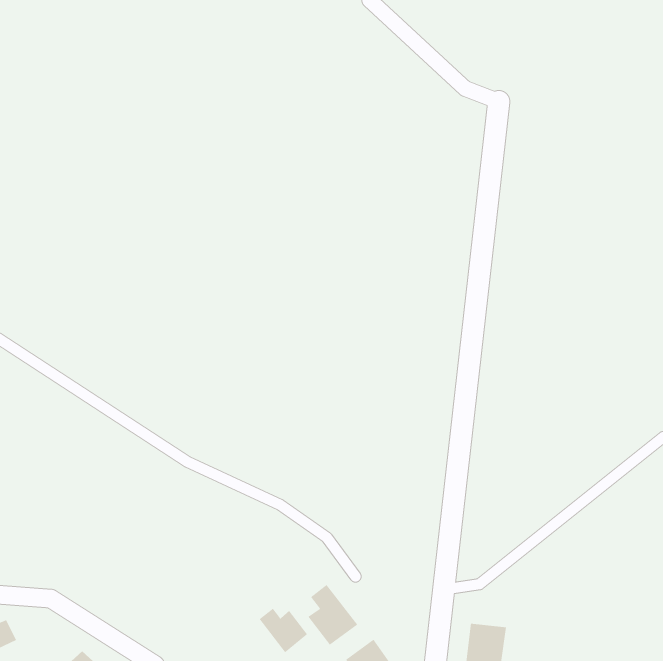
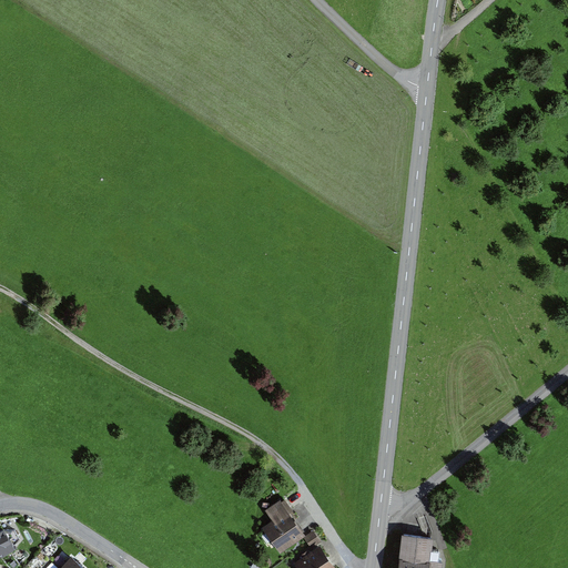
building: [259,608,308,653] -> none

